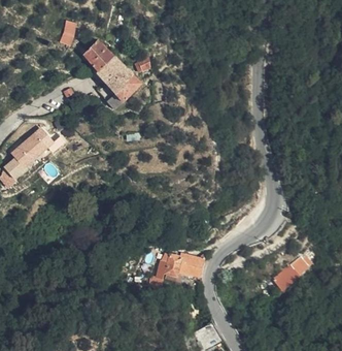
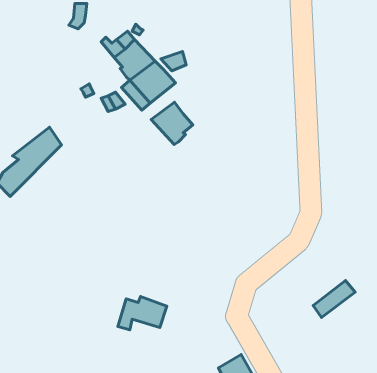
building: none -> [151,102,193,145]
building: [161,251,203,280] -> [118,296,167,330]

